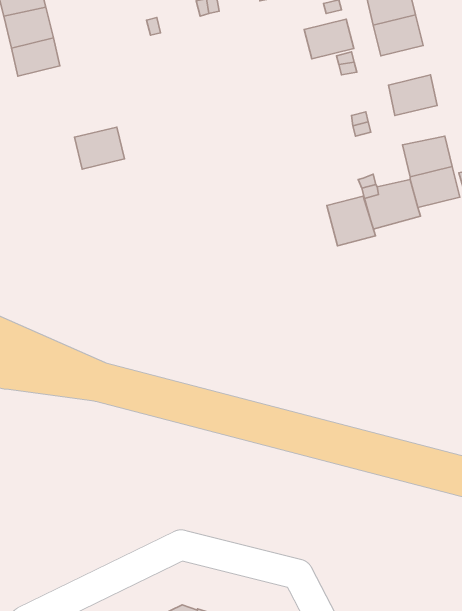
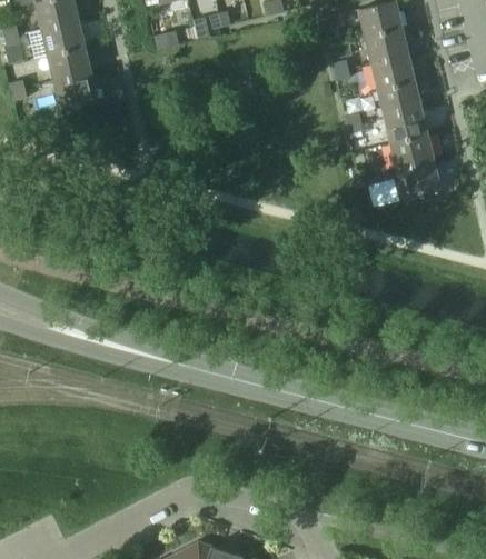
building: [304,19,354,59] -> [371,56,415,90]
building: none -> [384,108,427,142]
building: [75,127,124,169] -> [54,73,98,110]
building: [327,196,375,246] -> none

